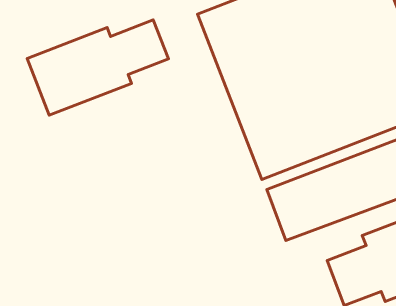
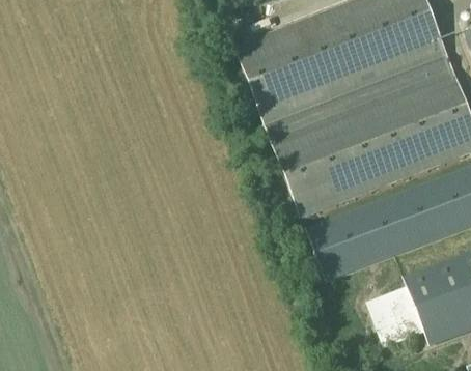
building: [27,20,169,115] -> none

